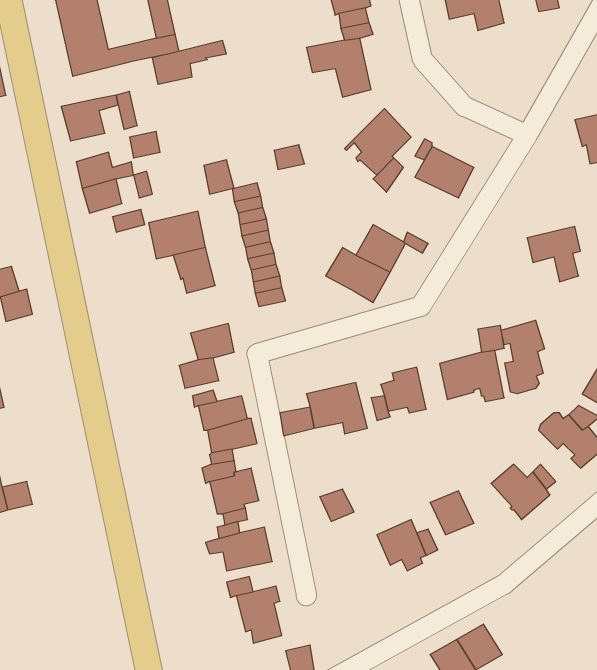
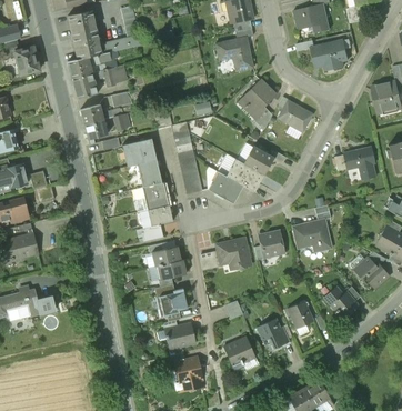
building: [152,41,226,84] -> [68,52,111,78]
building: none -> [311,41,348,70]
building: none -> [207,171,242,203]
building: none -> [133,182,169,210]
building: [501,320,544,394] -> none
building: none -> [222,337,253,364]

